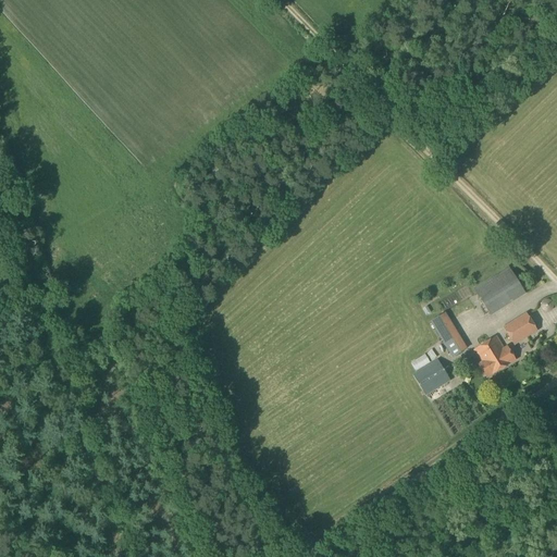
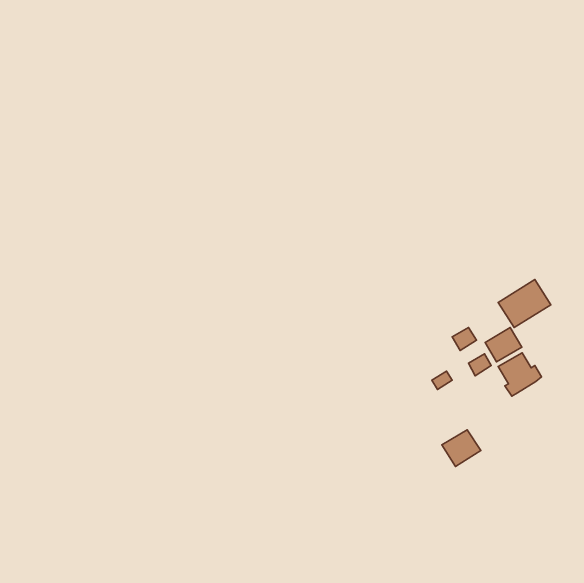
building: [504,311,539,344] -> [485,328,522,362]
building: [413,360,450,395] -> [442,430,481,466]

